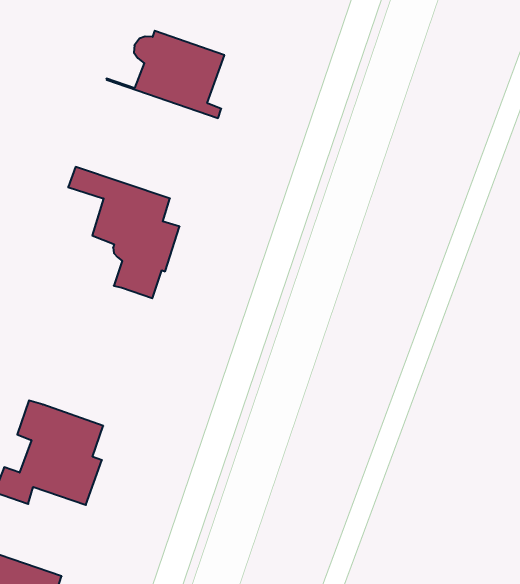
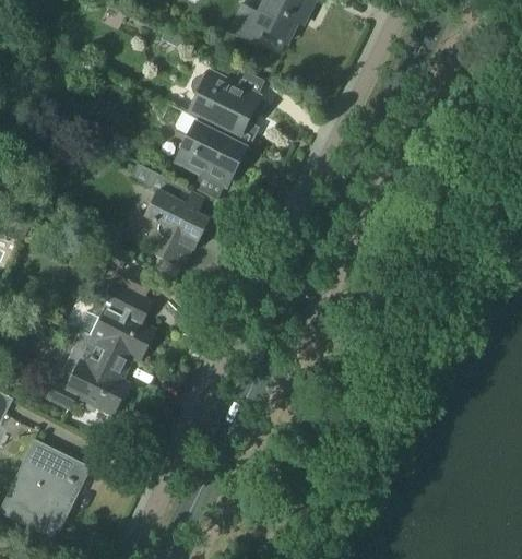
building: none -> [168,105,248,186]
building: none -> [74,247,154,364]

